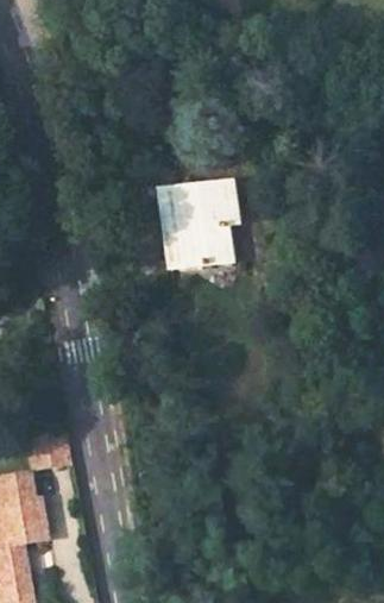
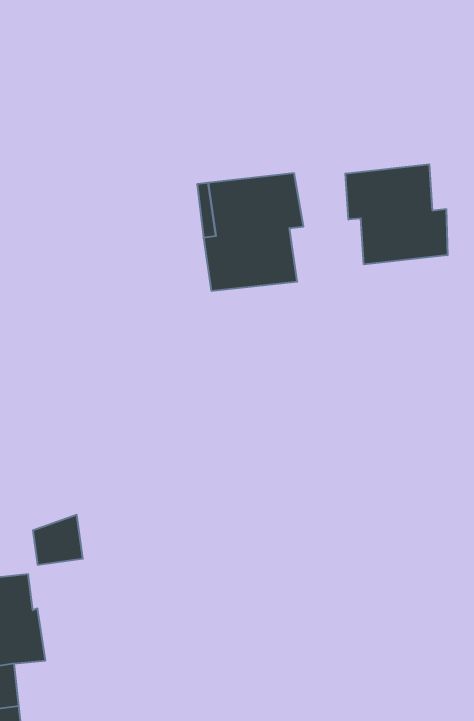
building: none -> [346,164,448,264]

